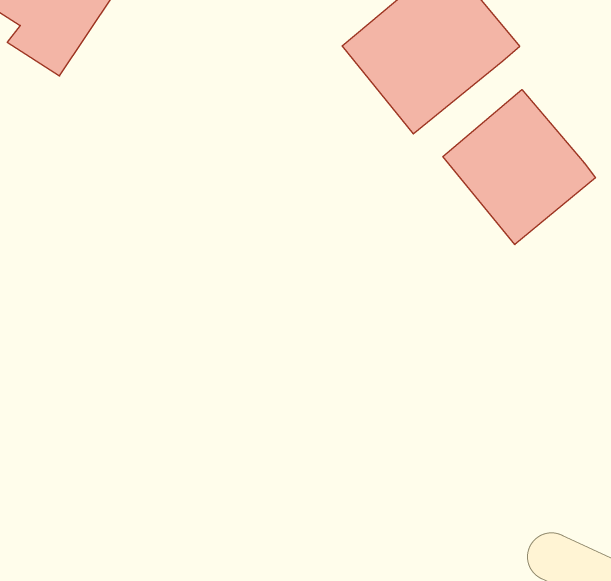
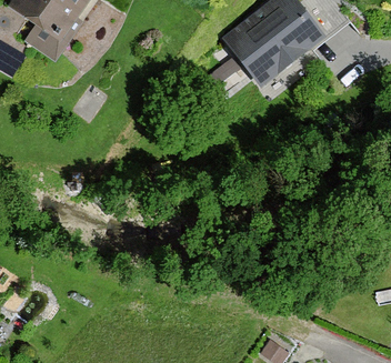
building: [443,90,595,245] -> none

